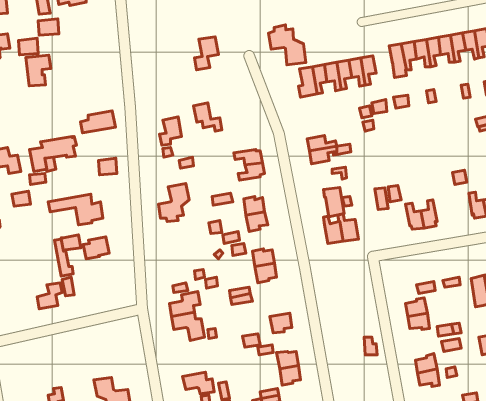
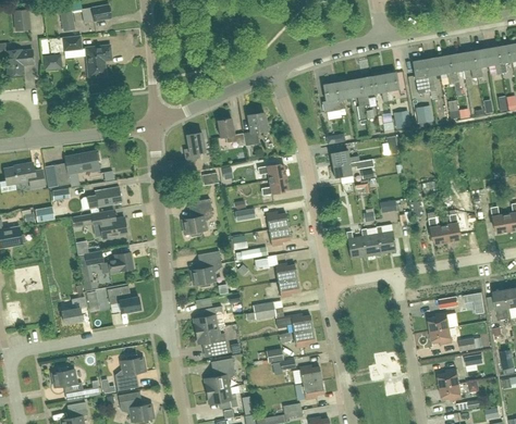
building: [269,25,306,65] -> none
building: [194,37,218,70] -> [243,112,267,145]
building: [26,55,51,86] -> [86,46,111,76]
building: [80,111,115,133] -> [87,186,122,208]
building: [323,187,344,217] -> [376,224,396,253]
building: none -> [191,250,221,287]
building: none -> [107,285,140,312]
building: none -> [275,313,312,331]
building: none -> [114,353,145,390]
building: none -> [204,358,235,390]
building: none -> [51,365,83,391]

